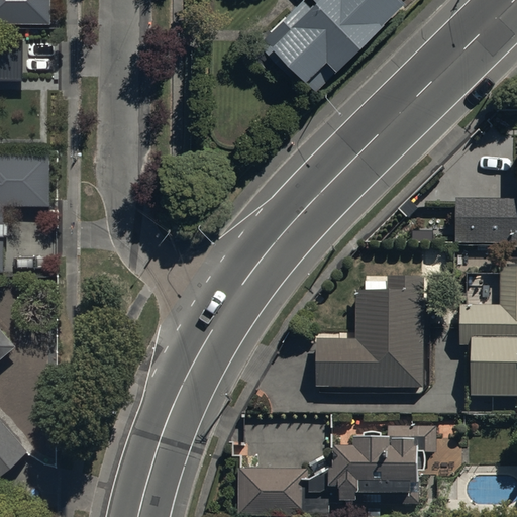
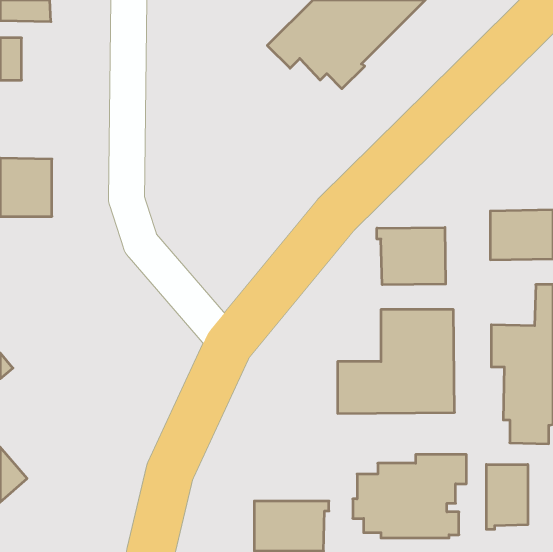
building: none -> [377,227,446,285]
building: none -> [486,464,528,529]

